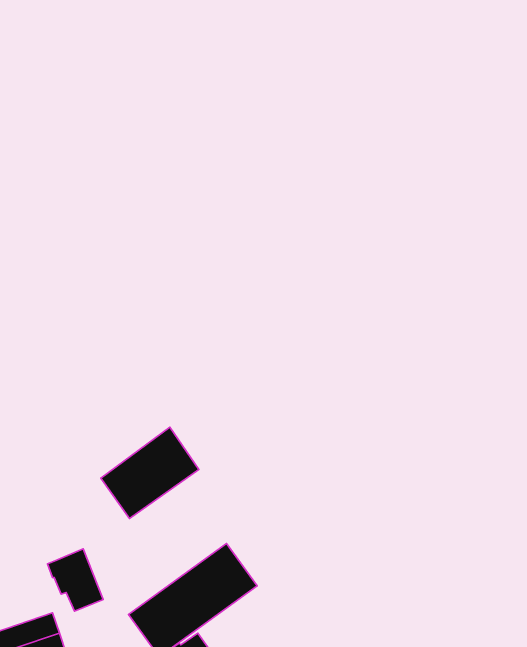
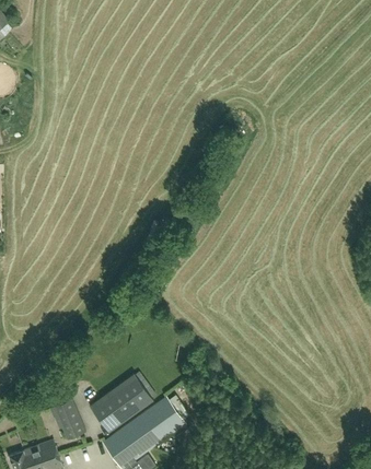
building: [101,427,199,519] -> [89,373,152,432]

